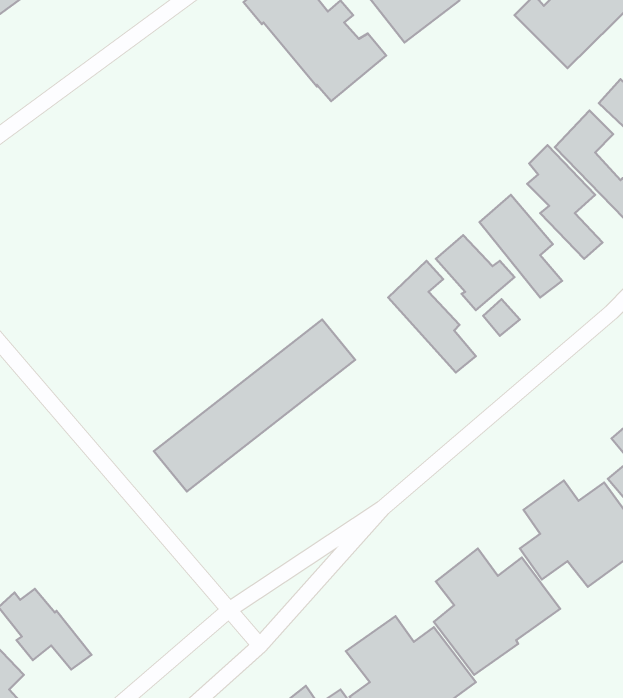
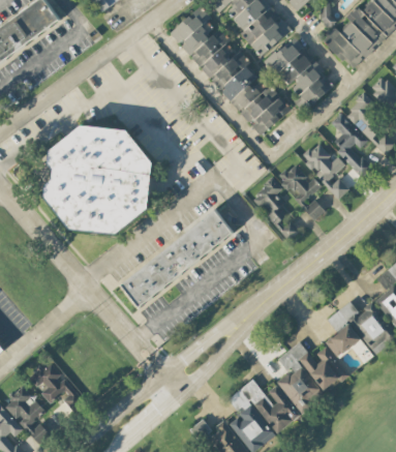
building: none -> [263,36,335,110]
building: none -> [220,64,291,134]
building: none -> [39,126,150,236]

